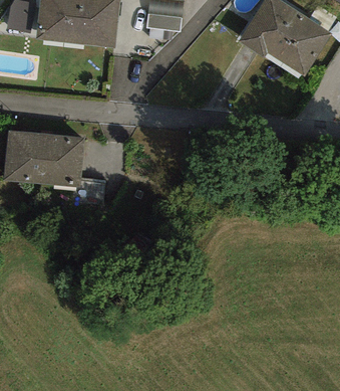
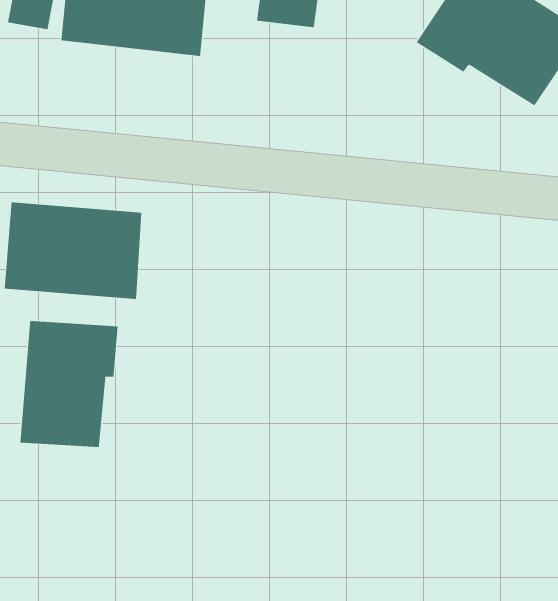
building: none -> [20,320,118,448]

